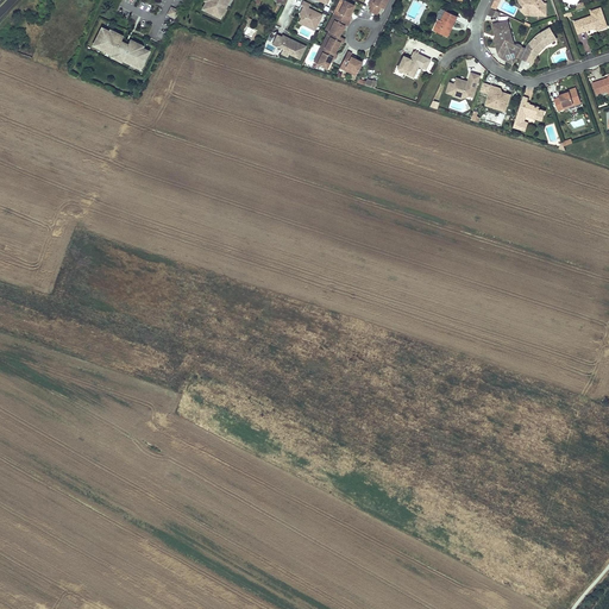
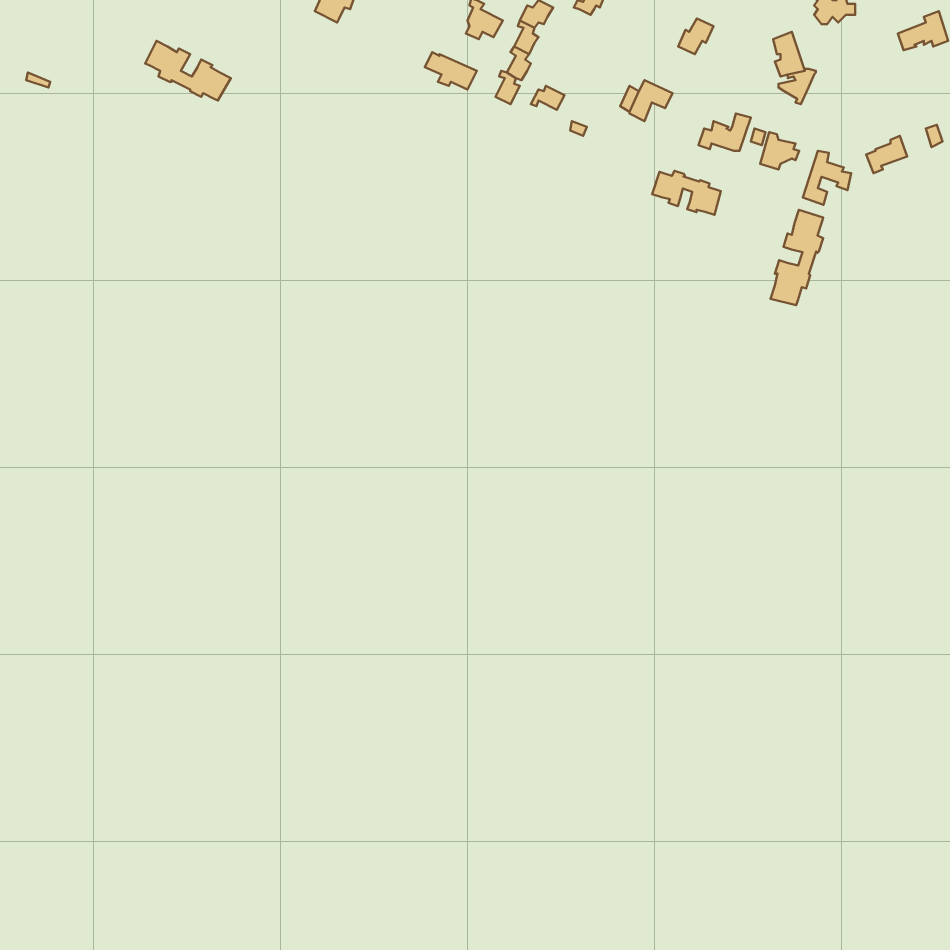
building: [521,27,557,64] -> none
building: none -> [652,171,721,215]
building: none -> [770,210,823,305]

